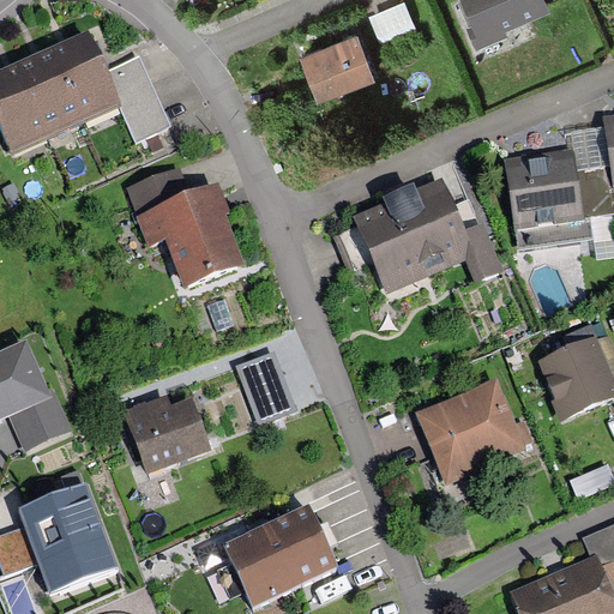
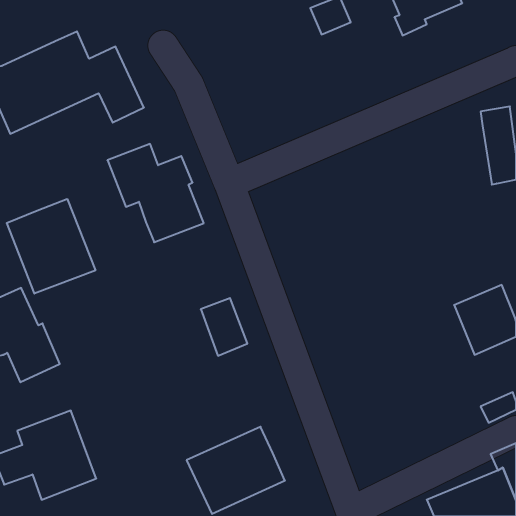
building: [299,24,375,94] -> none
building: [504,149,590,247] -> none
building: [331,180,501,295] -> none
building: none -> [7,199,95,294]
building: [415,380,530,486] -> none
building: [125,396,210,474] -> none

